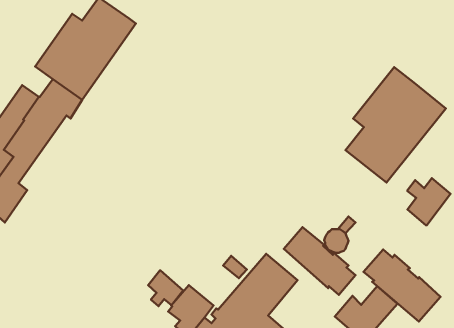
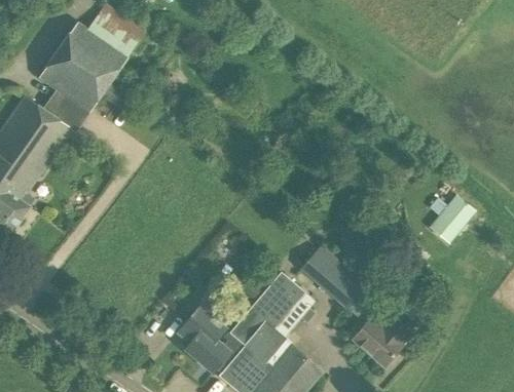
building: [346,67,446,183] -> none
building: [364,250,440,321] -> none
building: [148,270,183,306] -> none

